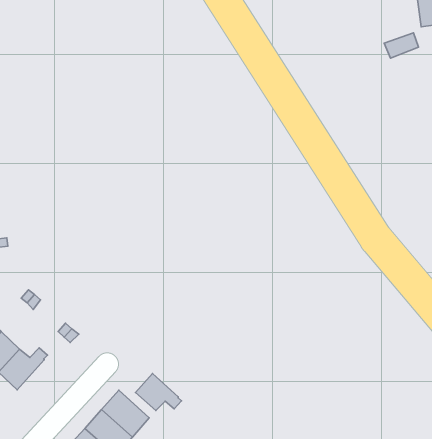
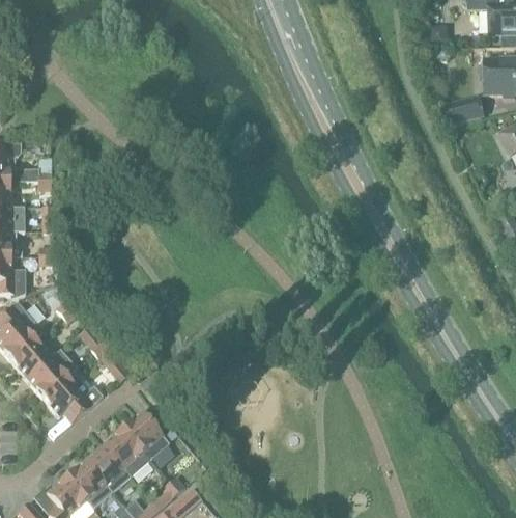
building: none -> [42,373,103,424]
building: [135,374,182,410] -> none

